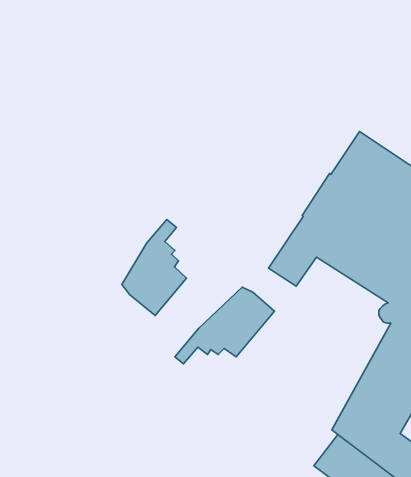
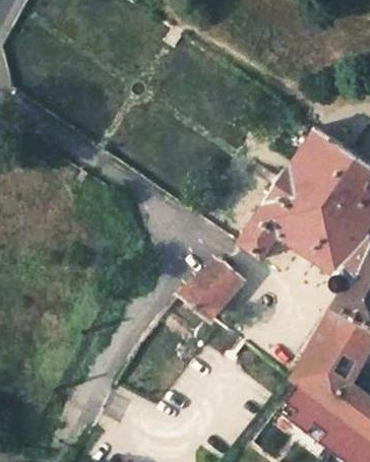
building: [122,220,187,315] -> none

